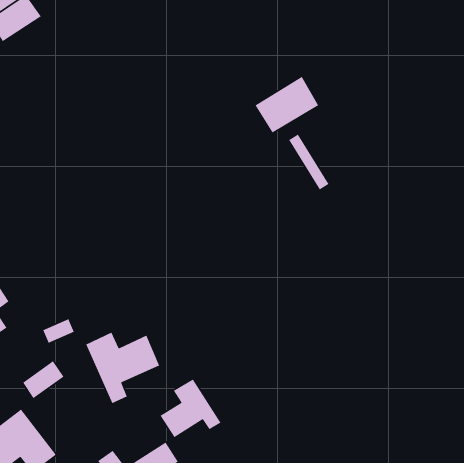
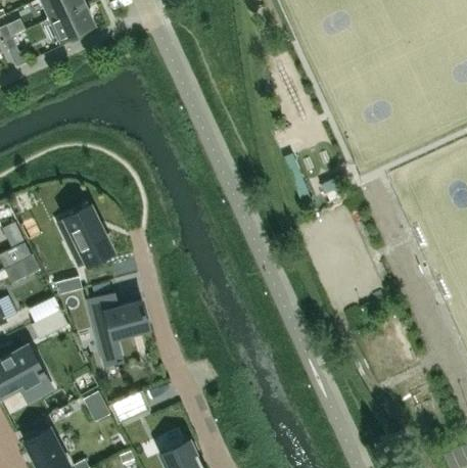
building: [255,76,319,134] -> none
building: none -> [59,205,112,264]
building: [159,378,221,438] -> none

